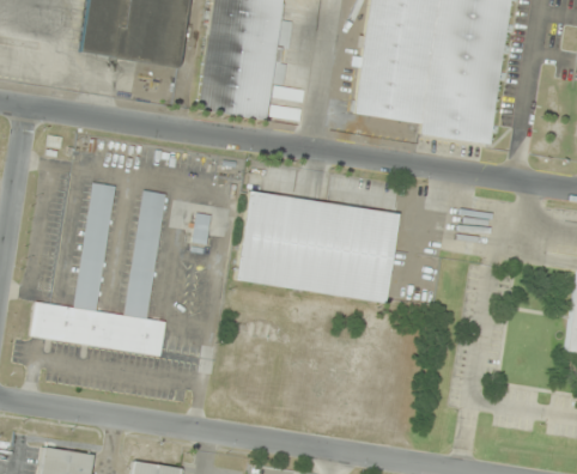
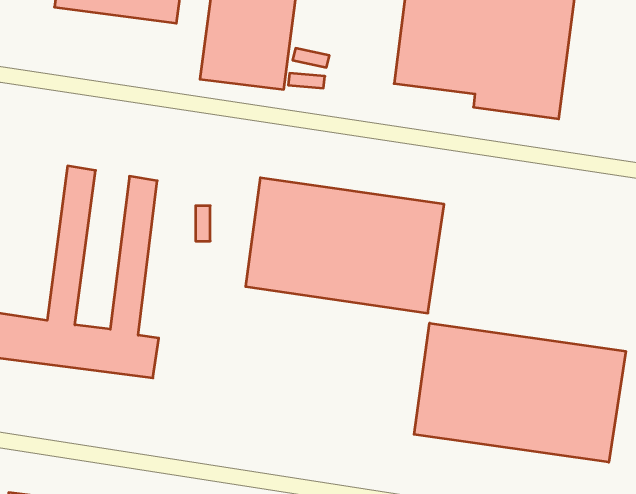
building: none -> [414,323,626,462]

